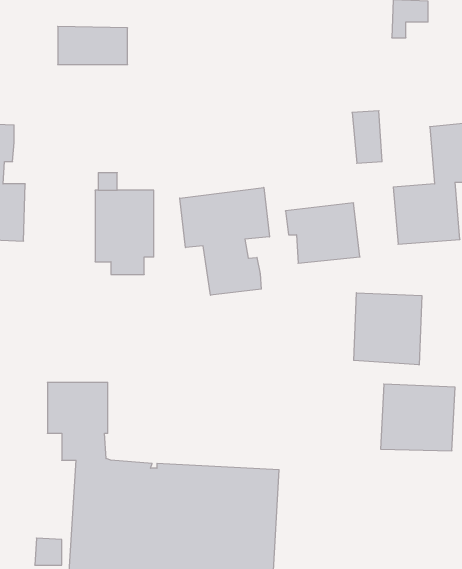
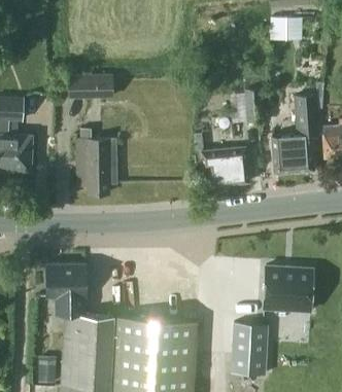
building: [58,26,128,65] -> [68,73,113,98]
building: [180,187,269,295] -> none
building: [354,293,422,365] -> none
building: none -> [228,323,264,373]

